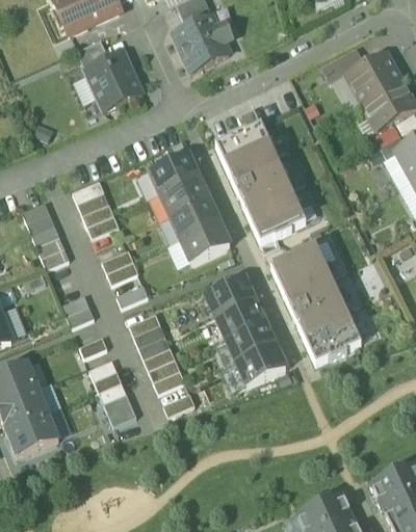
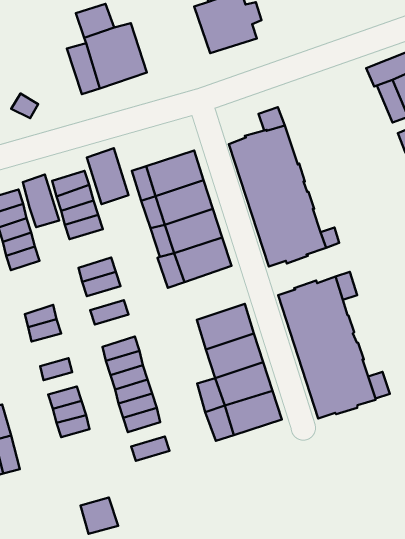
building: none -> [87,148,129,204]
building: none -> [23,175,59,227]
building: [104,393,137,425] -> [81,497,118,534]

